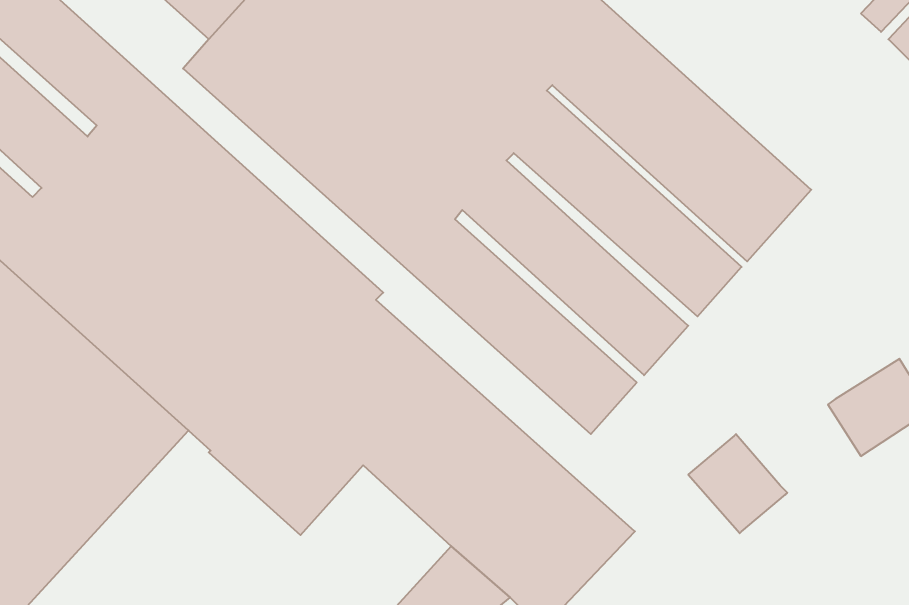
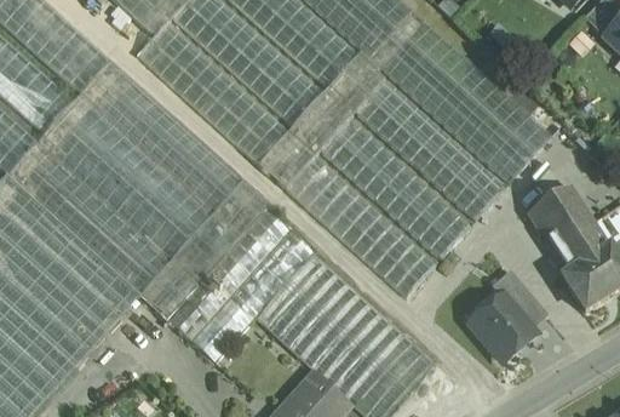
building: none -> [527,184,609,273]
building: none -> [492,270,547,330]

